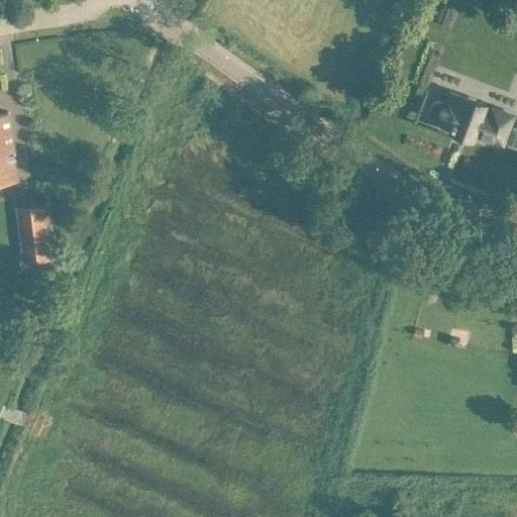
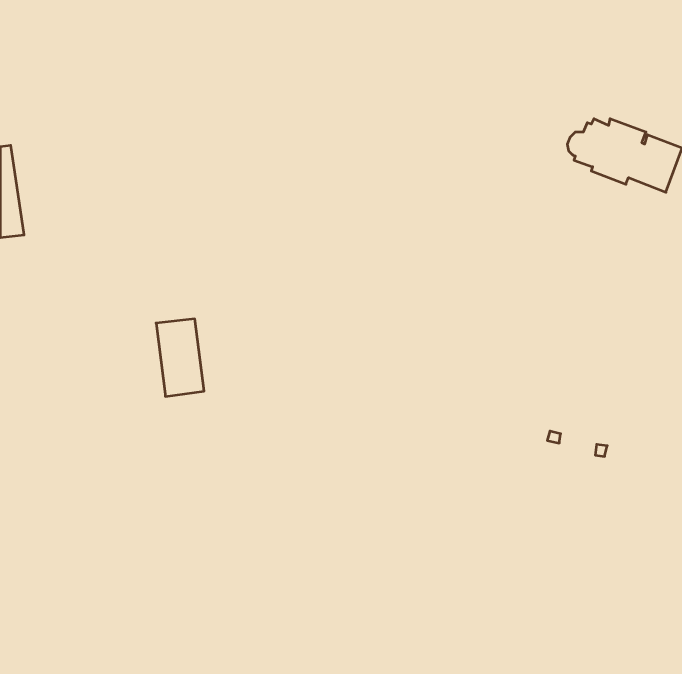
building: [15,208,51,267] -> [156,319,204,396]

